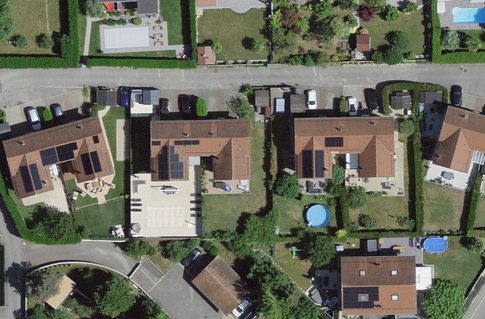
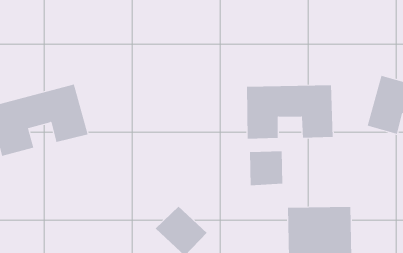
building: [149,120,249,182] -> none
building: none -> [249,151,283,186]

